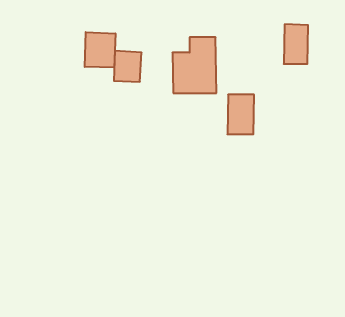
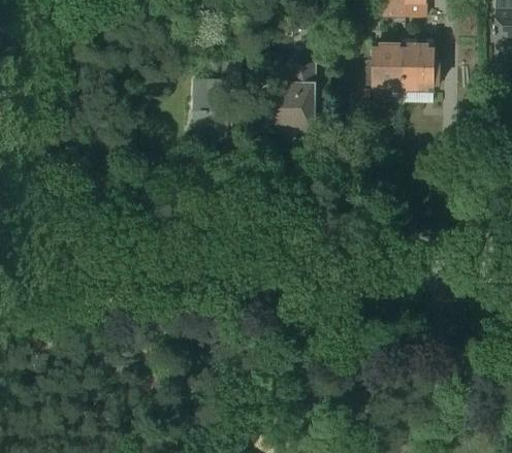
building: [85,32,115,68] -> none
building: [227,95,254,134] -> [374,44,408,95]

